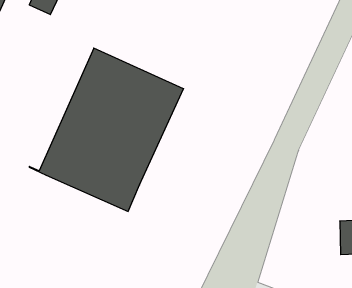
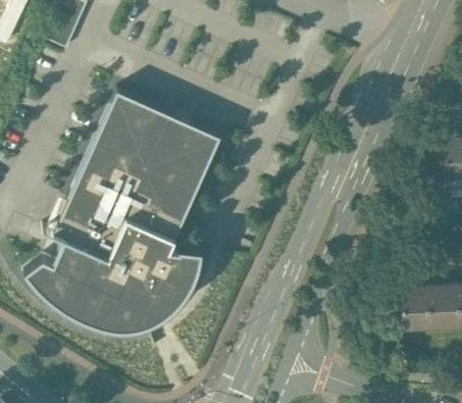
building: none -> [22,237,201,350]

